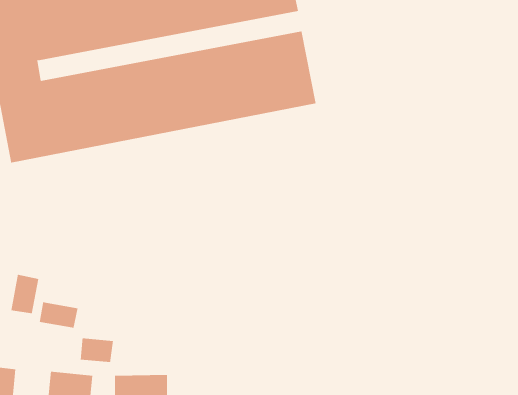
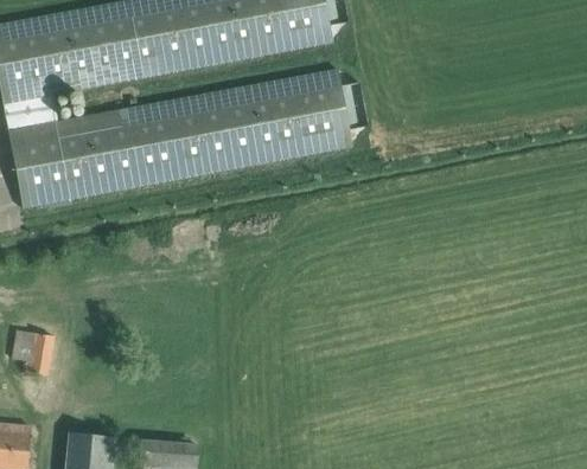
building: [39,301,78,329] -> none
building: [80,337,113,363] -> none

